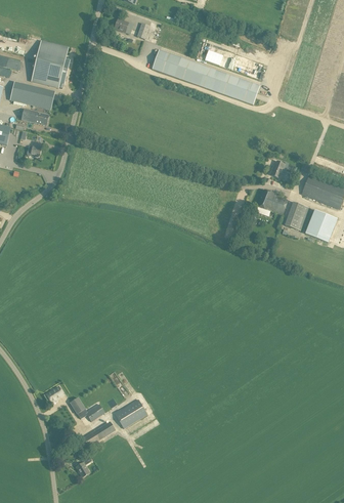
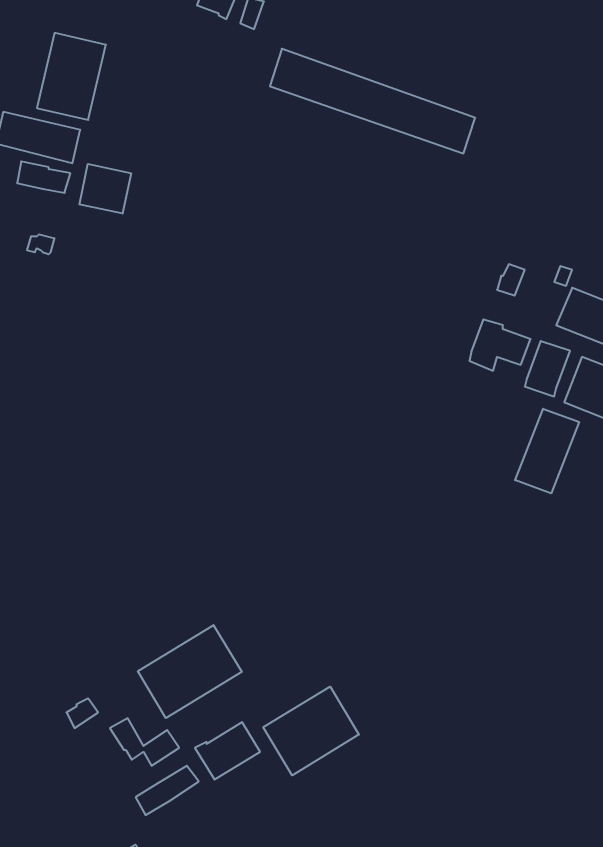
building: none -> [79,164,131,214]
building: none -> [515,409,579,493]
building: none -> [138,625,242,718]
building: none -> [263,687,359,775]

